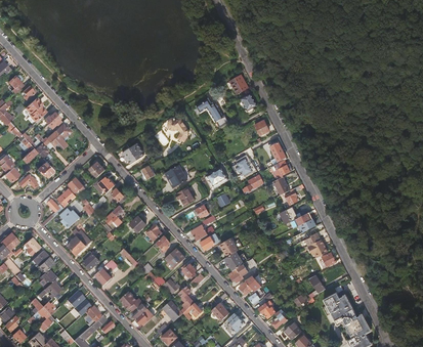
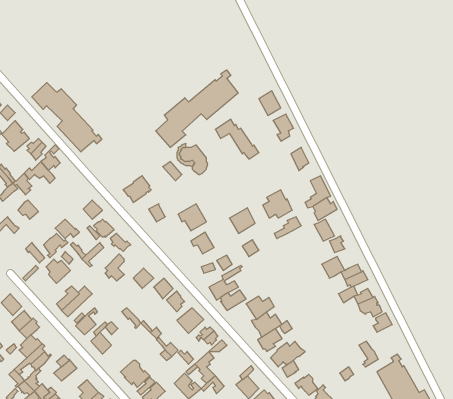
building: none -> [156,70,238,148]
building: none -> [32,83,102,152]

